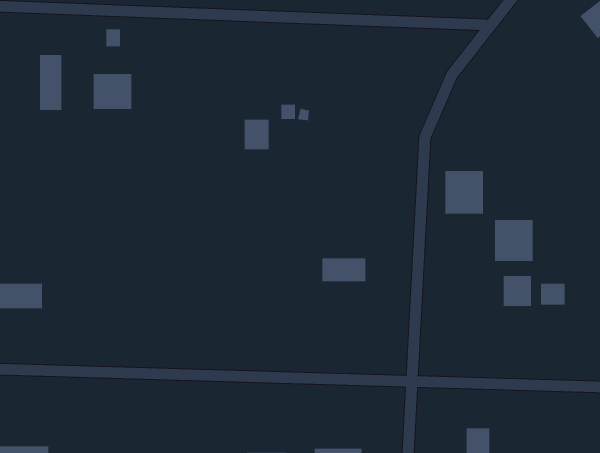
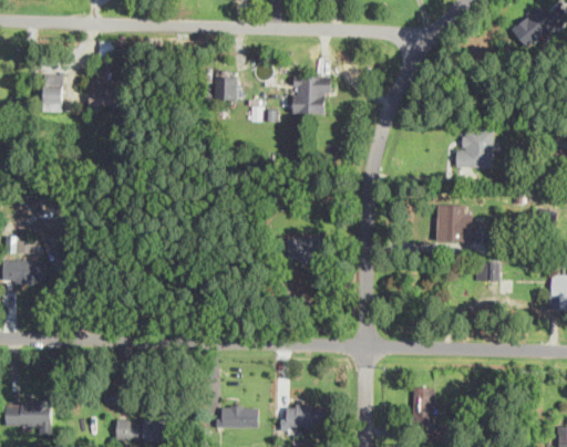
building: none -> [292,76,330,114]
building: [244,119,269,150] -> [214,74,236,101]
building: [444,171,484,214] -> [458,132,493,169]
building: [503,275,532,307] -> none

